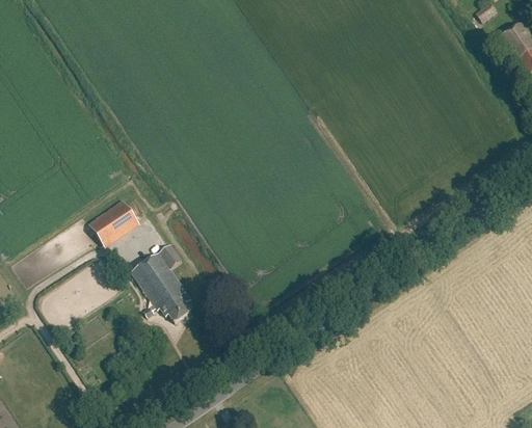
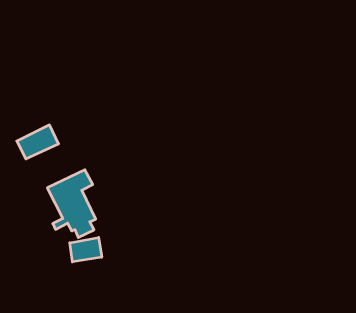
building: none -> [70,237,102,262]

